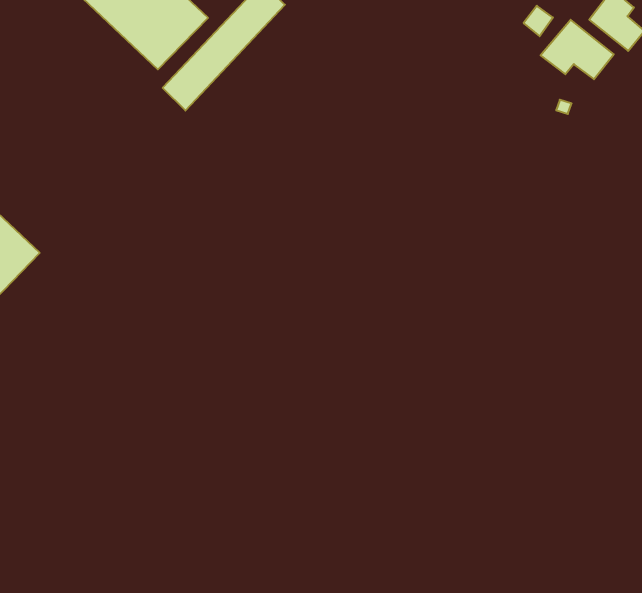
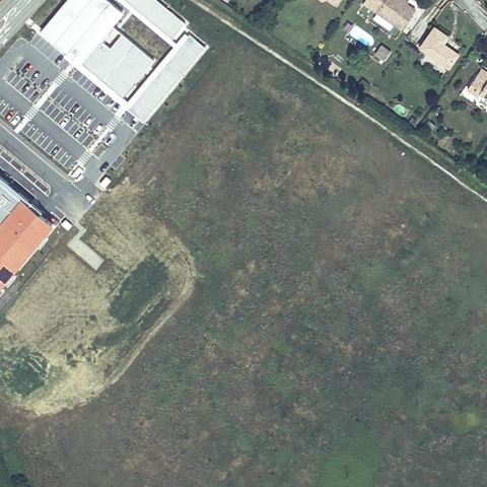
building: [541,20,614,79] -> none

